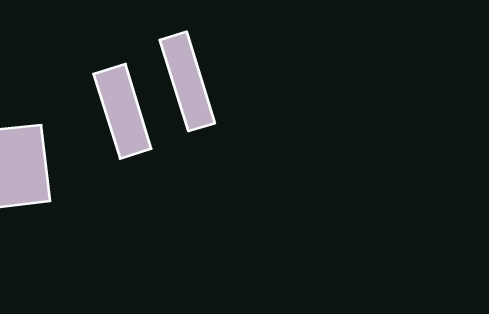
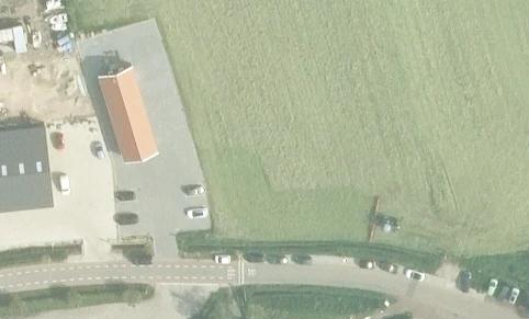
building: [160,32,215,131] -> none

